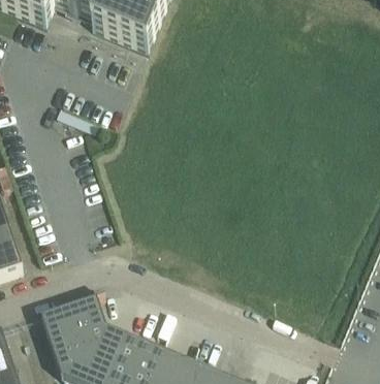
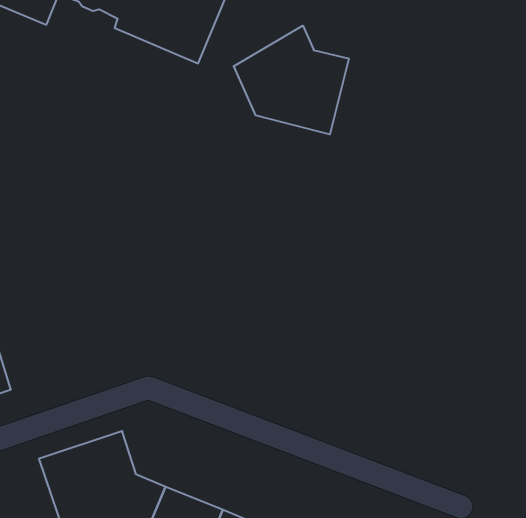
building: none -> [234,26,349,134]

